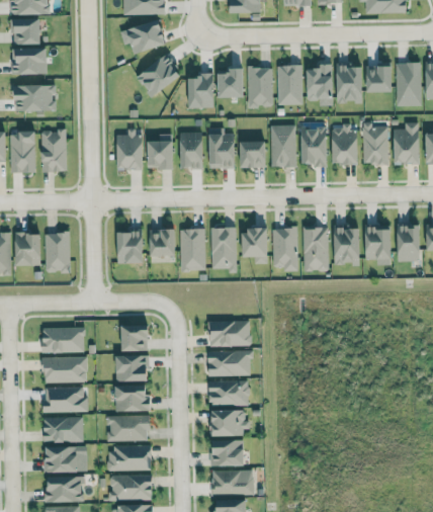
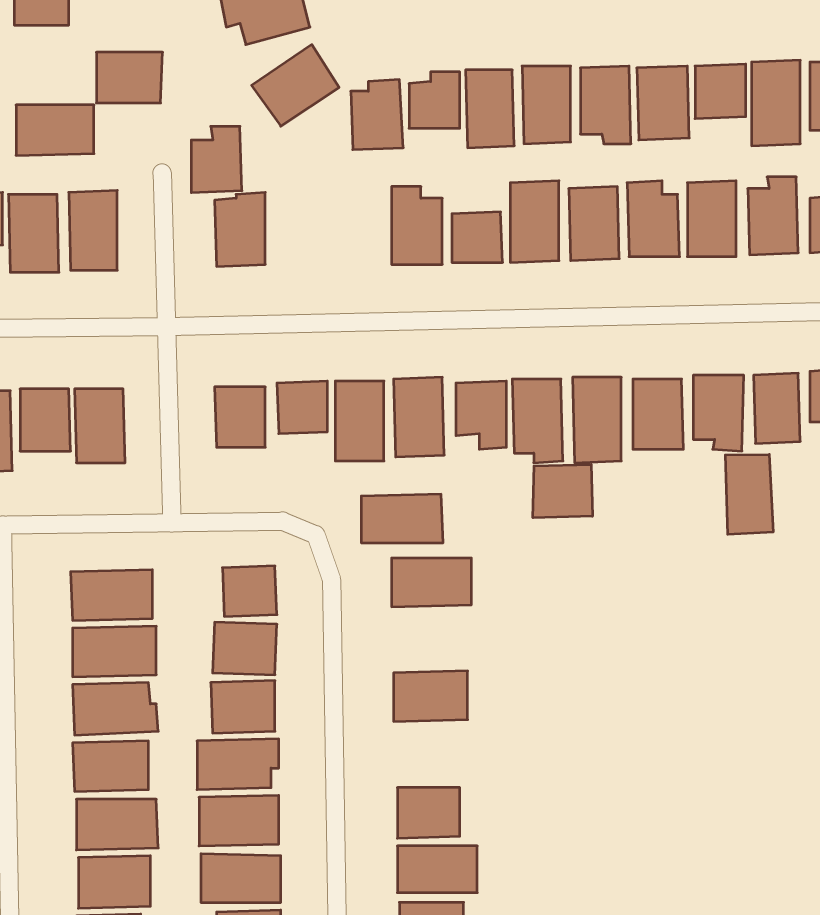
building: [12,48,47,74] -> [96,52,163,103]
building: [179,132,203,169] -> none
building: [147,134,173,168] -> [191,126,242,193]
building: none -> [725,454,773,534]
building: none -> [533,465,592,518]
building: [207,350,250,375] -> [361,494,443,543]
building: [211,410,247,436] -> none

